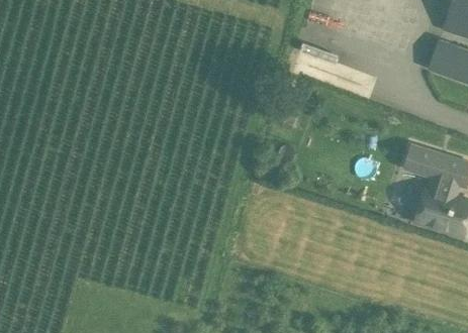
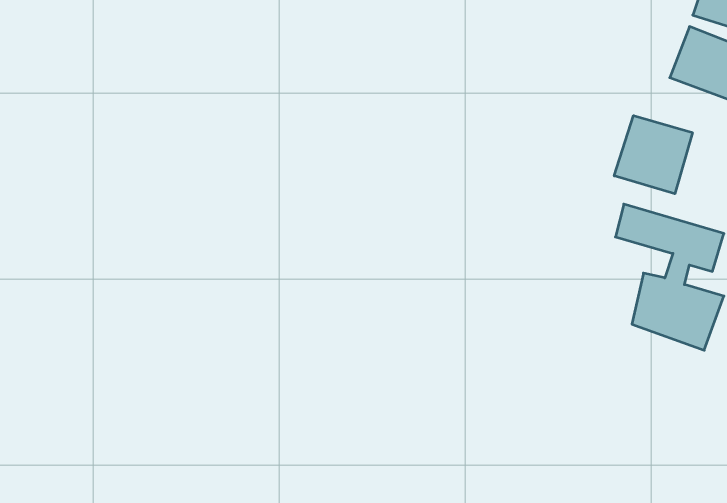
building: none -> [614,116,692,194]

